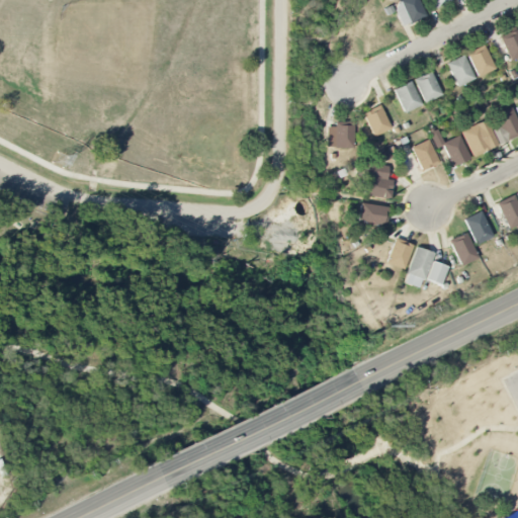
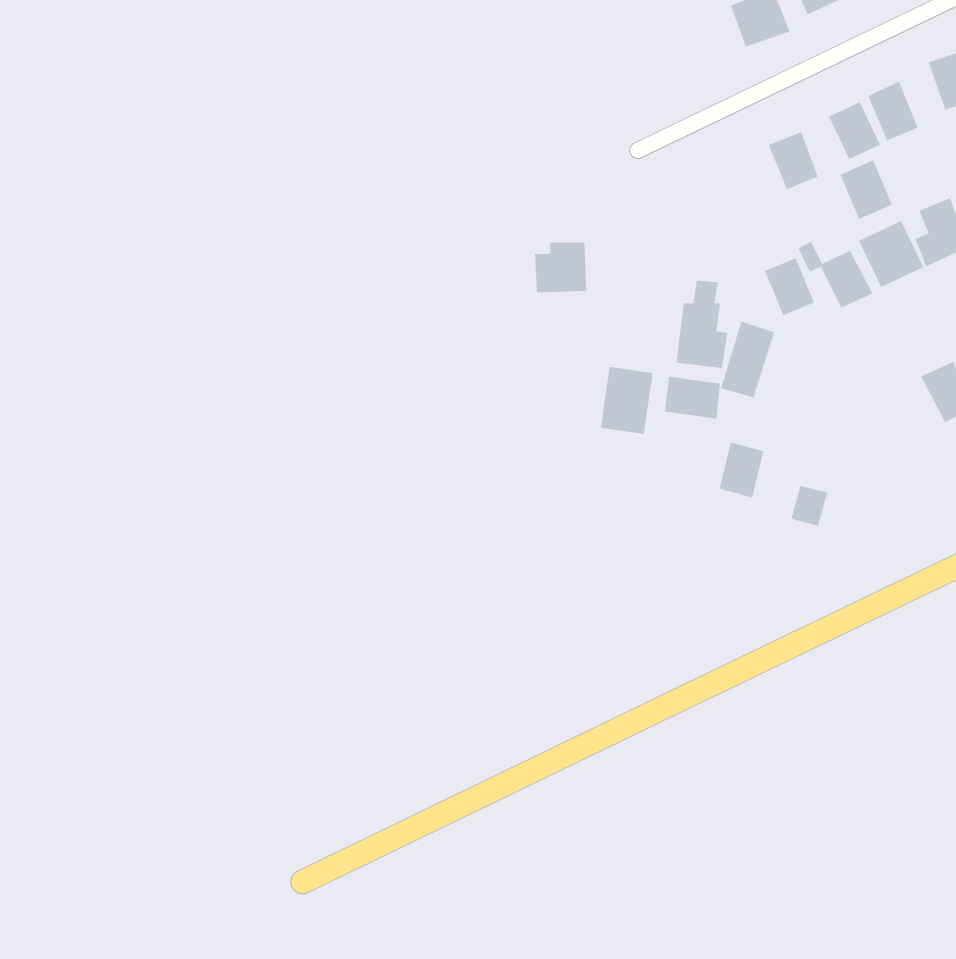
building: [396,80,424,112] -> [840,160,892,220]
building: [365,104,394,136] -> none
building: [328,120,356,148] -> [534,242,587,293]
building: none -> [600,366,653,435]
building: [465,210,495,244] -> none
building: [451,232,481,265] -> none
building: [406,246,435,287] -> [720,321,775,398]

